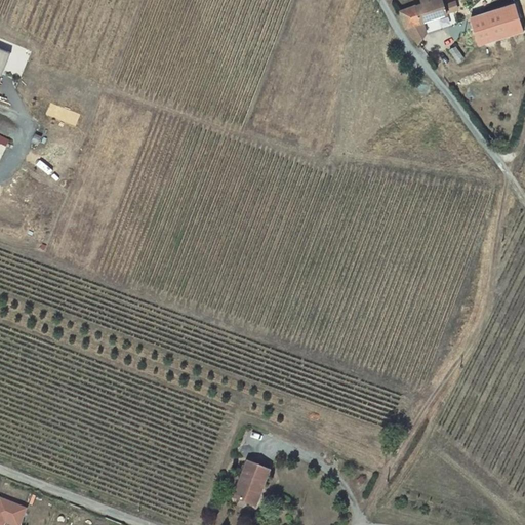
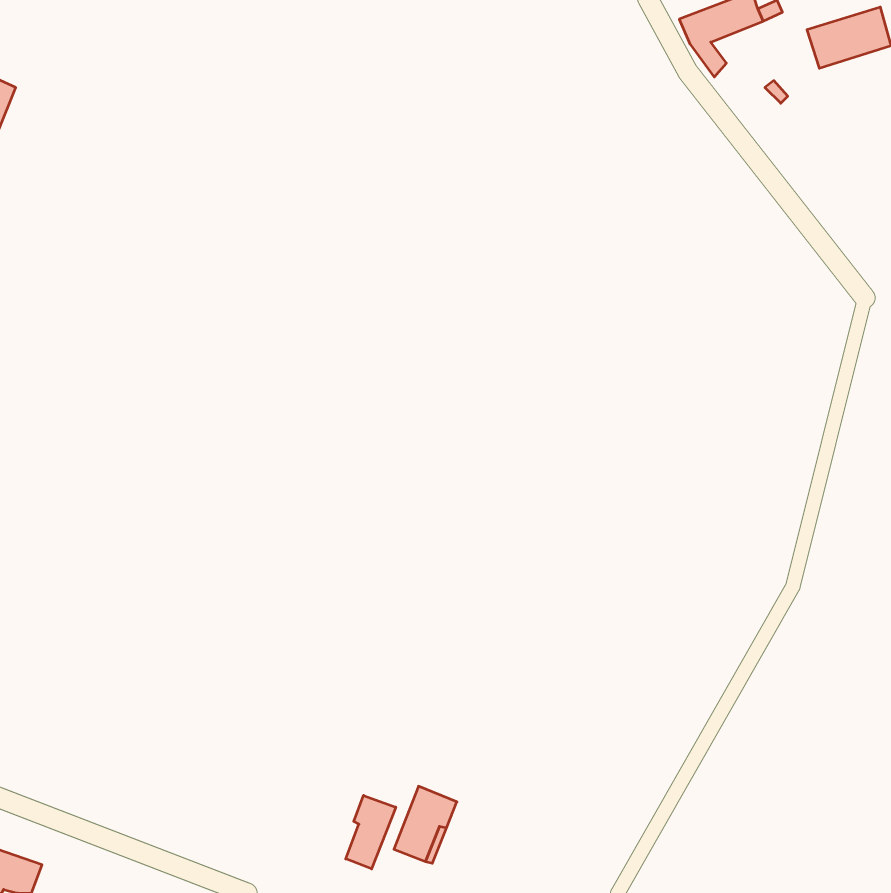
building: none -> [346,795,396,869]

